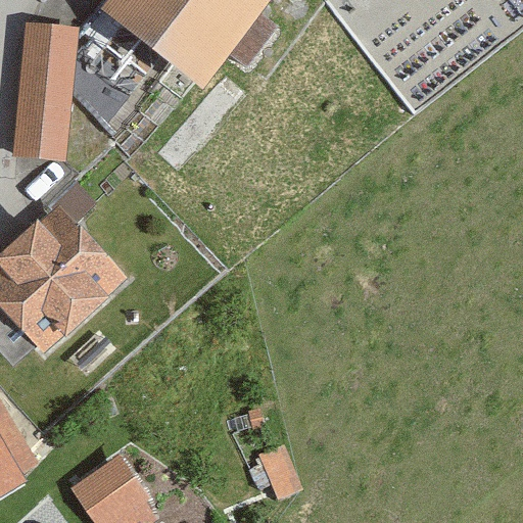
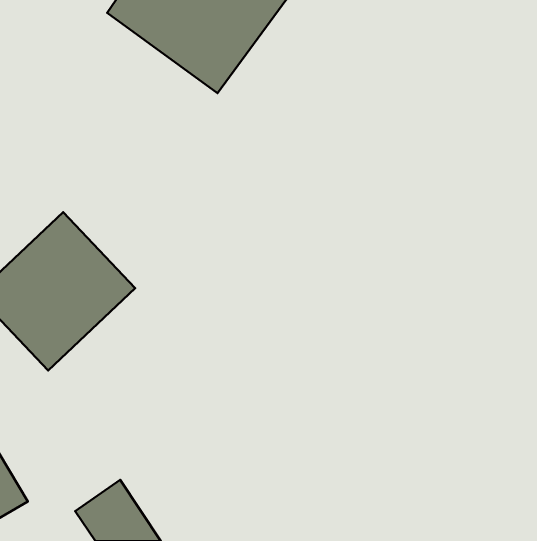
building: [11,23,74,159] -> none

